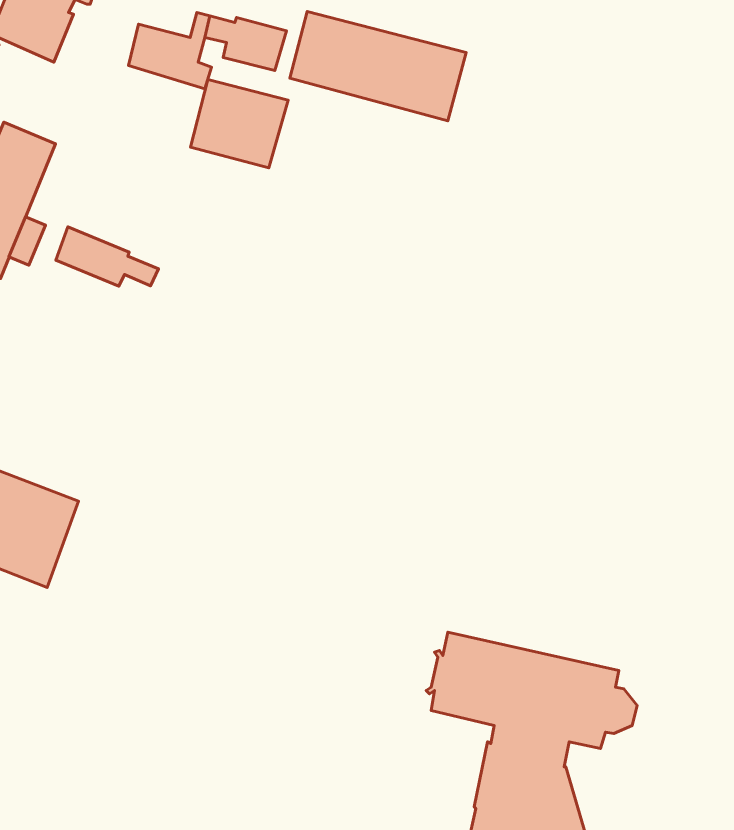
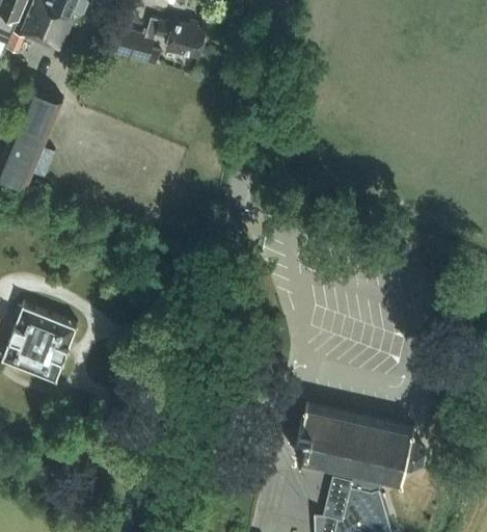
building: [290,12,466,121] -> none
building: [190,80,288,168] -> none
building: [56,227,158,286] -> none

